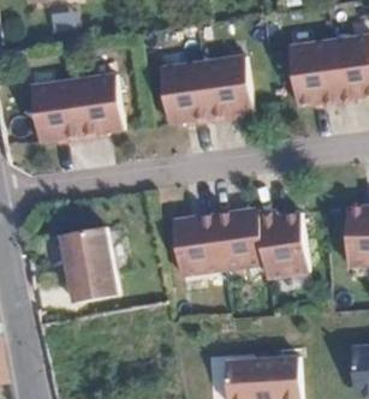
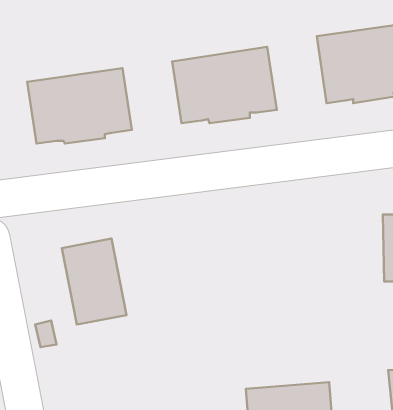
building: [169,209,306,278] -> none

